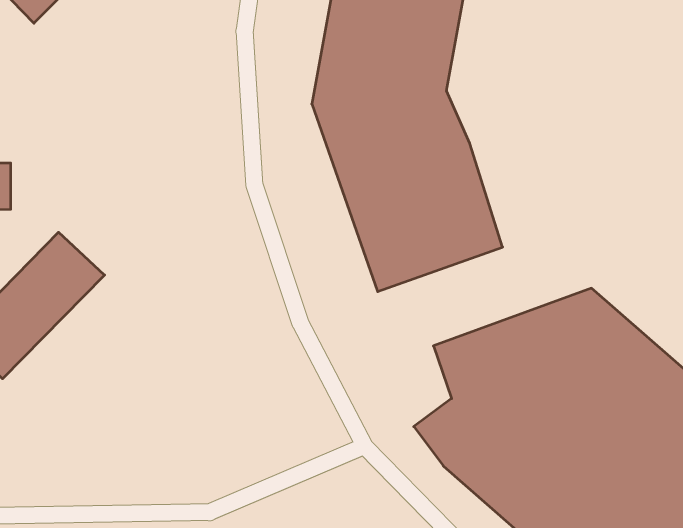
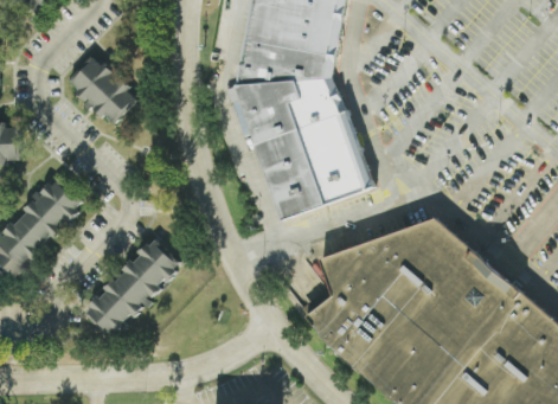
building: none -> [69,54,141,126]
building: none -> [82,235,180,334]

